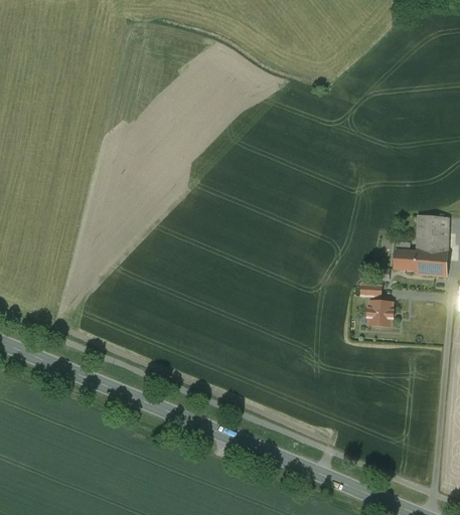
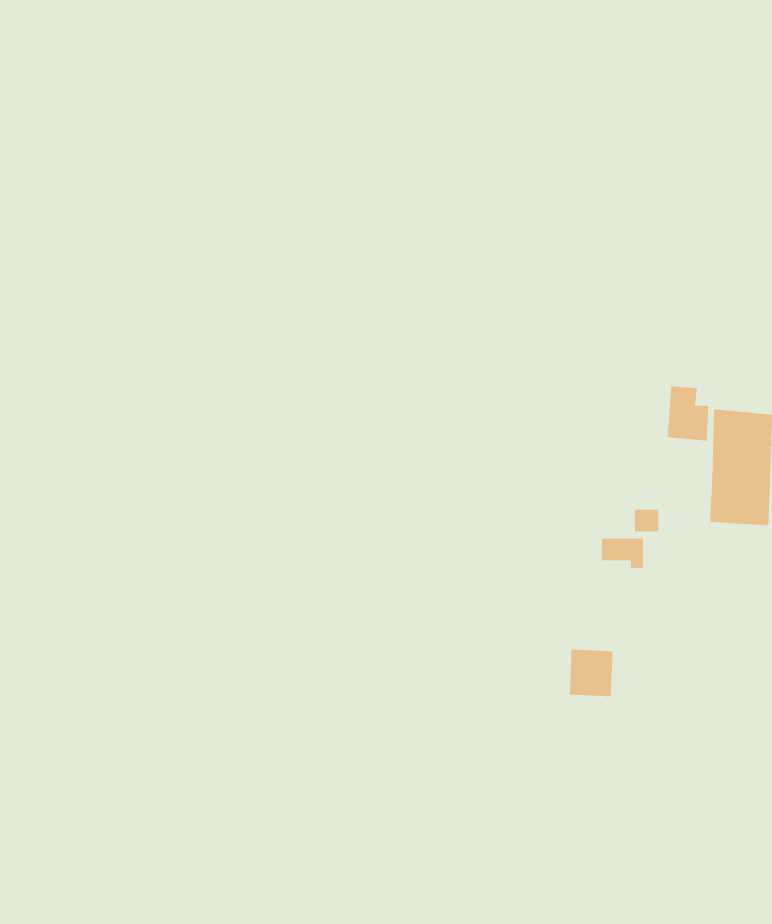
building: [394,241,416,271] -> [667,386,709,442]
building: [368,301,392,326] -> [569,649,613,697]

